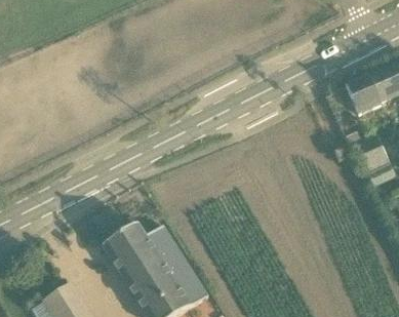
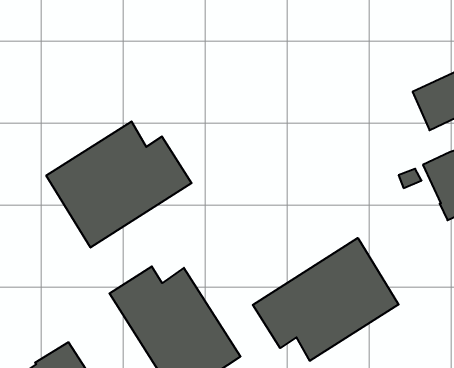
building: none -> [46,121,192,248]
building: none -> [253,238,399,361]

